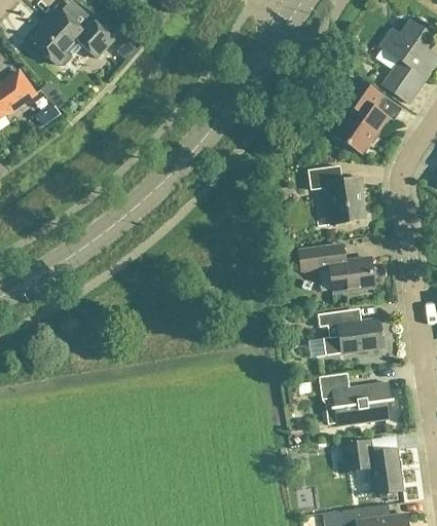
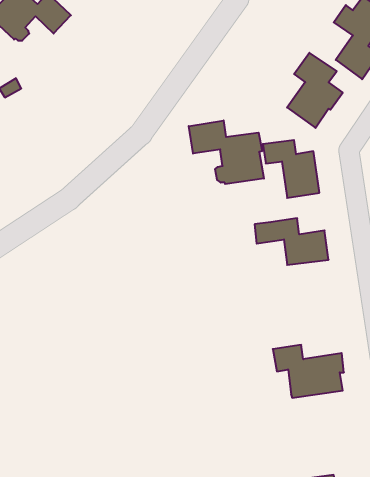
building: none -> [189,120,264,184]
building: [318,308,384,354] -> none
building: [341,438,403,493] -> none

